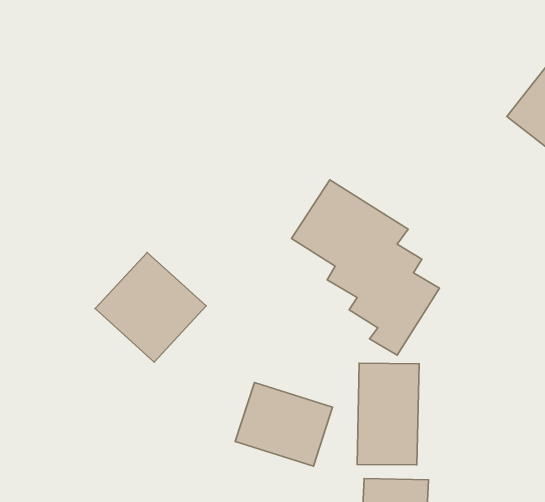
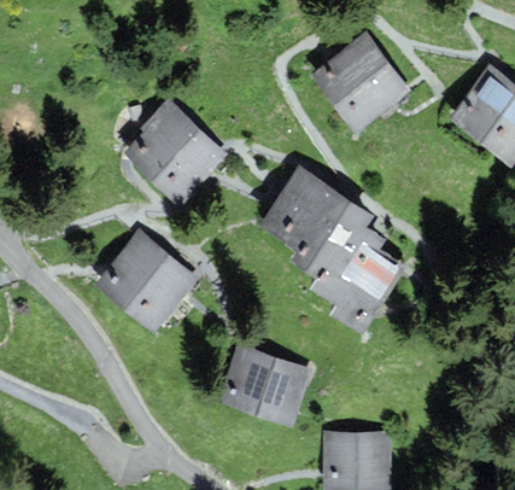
building: none -> [320,36,408,124]
building: none -> [125,104,222,199]
building: [357,363,419,465] -> none

